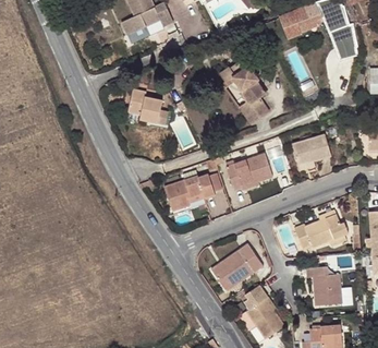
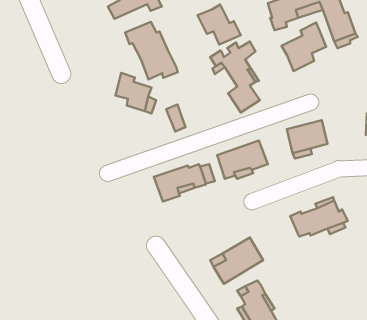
building: none -> [197,5,241,44]
building: none -> [125,22,178,80]
building: none -> [282,22,326,71]
building: [308,266,343,307] -> none

